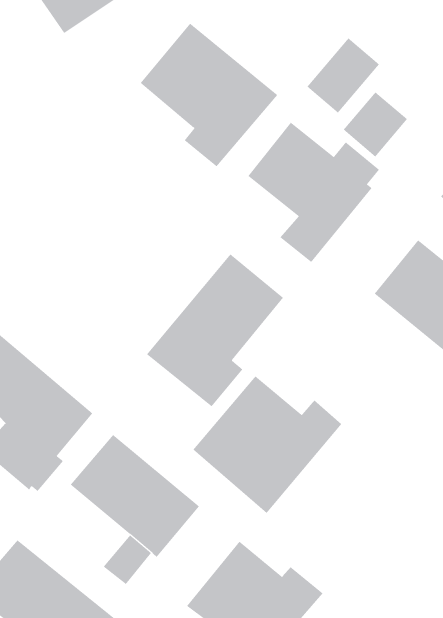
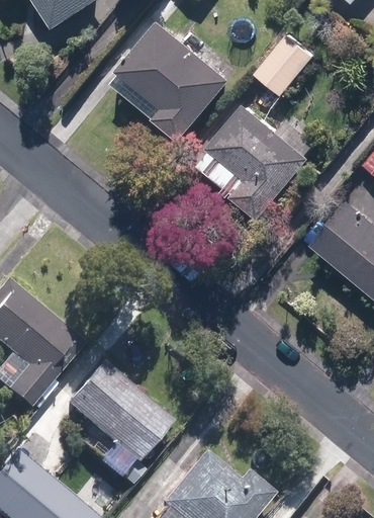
building: [343,91,408,157] -> none
building: [146,254,284,407] -> none
building: [193,375,342,514] -> none

